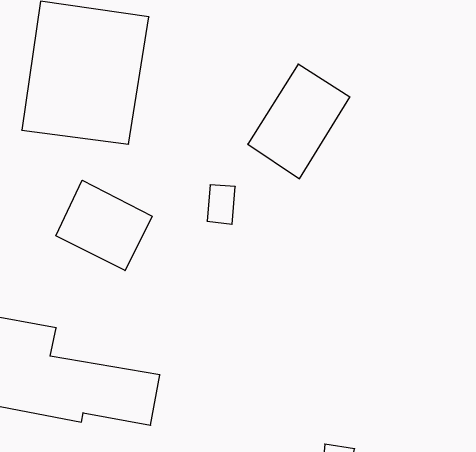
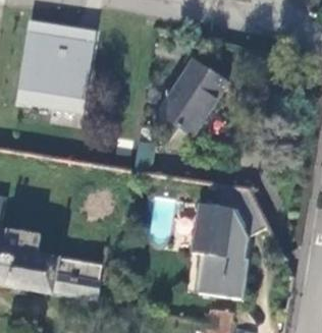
building: [56,180,152,271] -> none
building: none -> [192,182,268,298]

